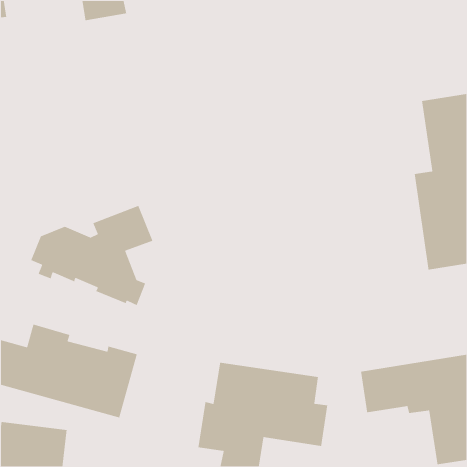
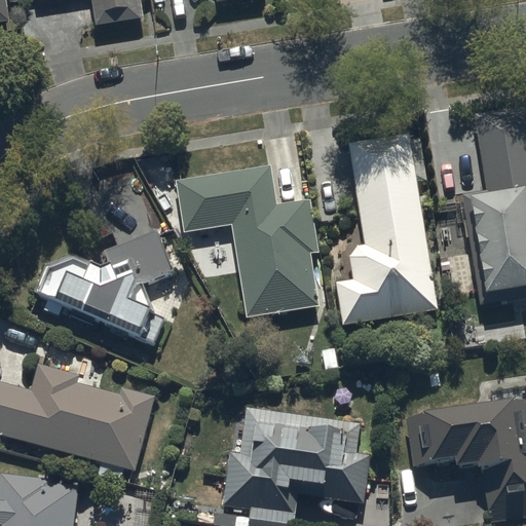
building: none -> [335,133,438,325]
building: none -> [176,164,318,317]

